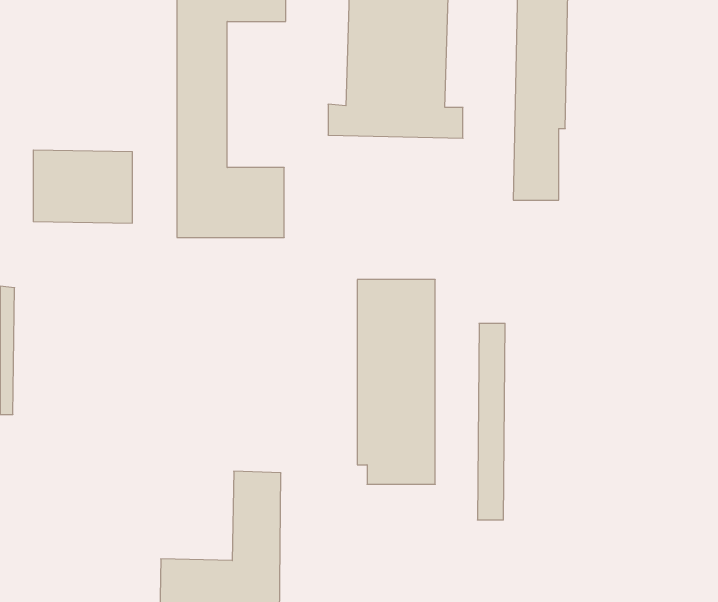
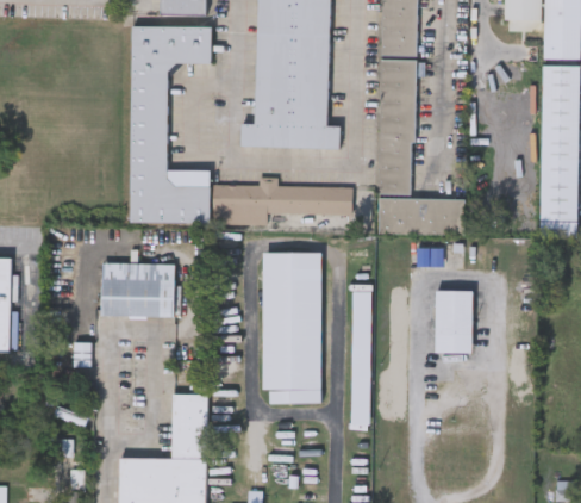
building: [33,150,132,223] -> [101,263,174,317]
building: none -> [212,176,352,225]
building: none -> [379,199,464,234]
building: none -> [436,288,473,352]

